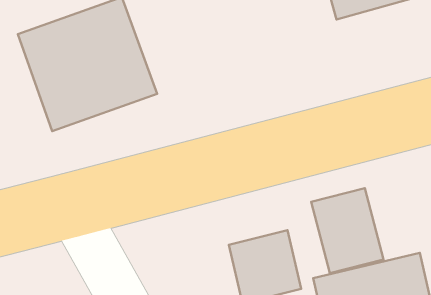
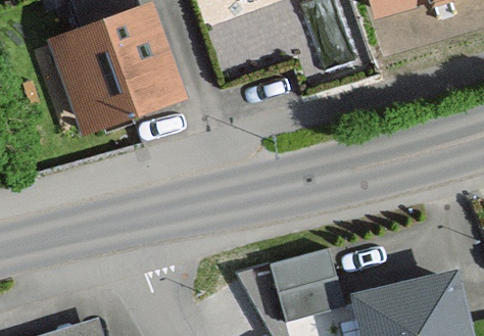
building: [311,188,384,273] -> none

